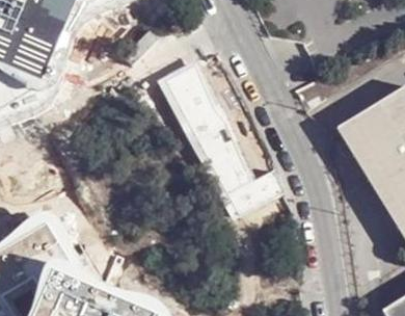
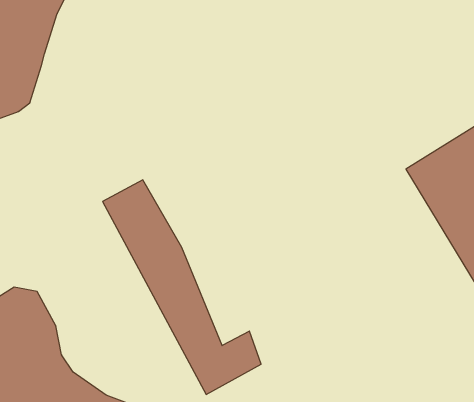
building: [166,57,280,212] -> [103,180,261,394]

